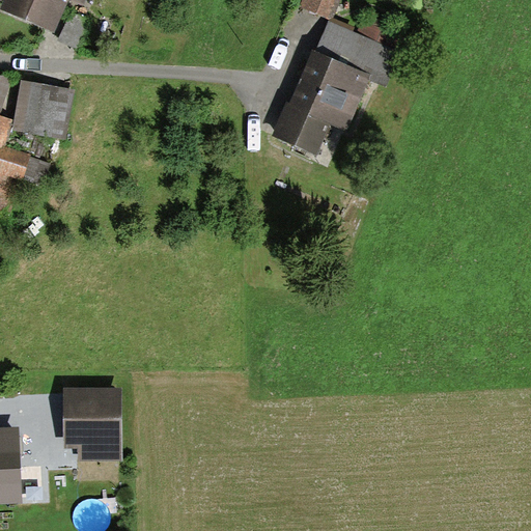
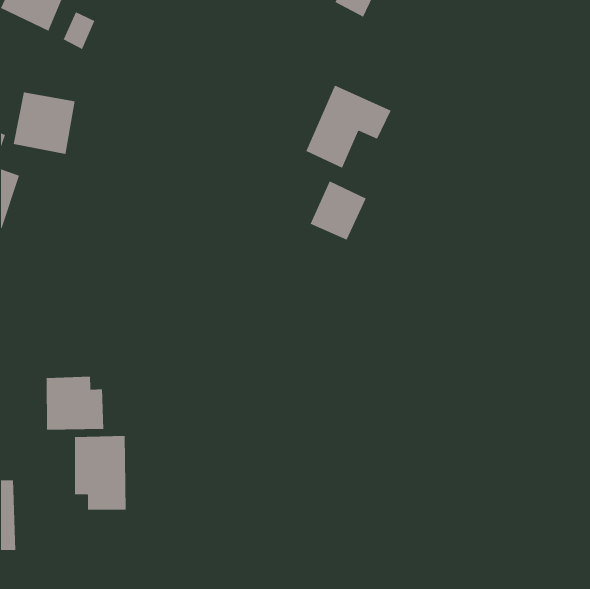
building: [302,21,399,99] -> none
building: none -> [310,181,366,240]
building: none -> [46,376,104,431]

